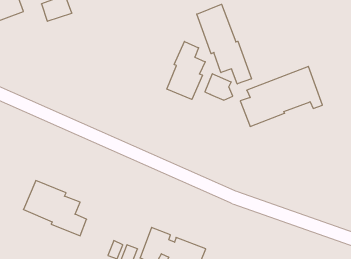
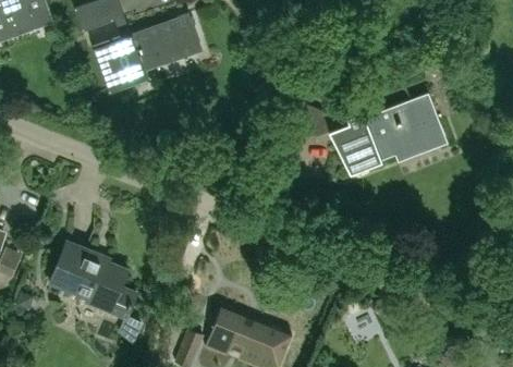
building: [197,4,251,84] -> none
building: none -> [93,13,194,93]
building: [167,41,205,99] -> none

